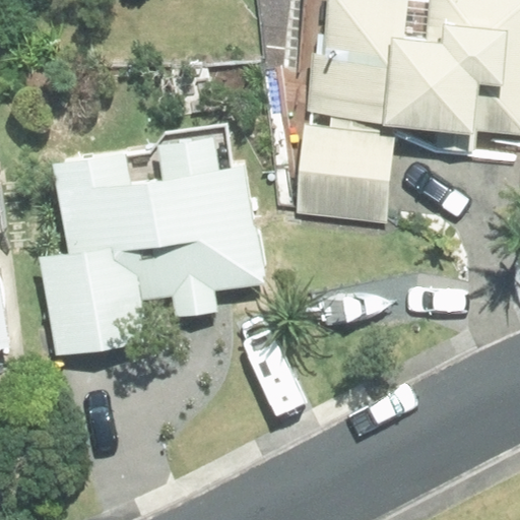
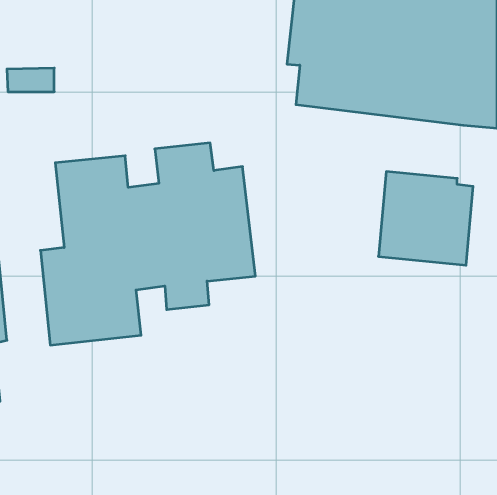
building: [294,123,391,219] -> [378,172,473,265]

